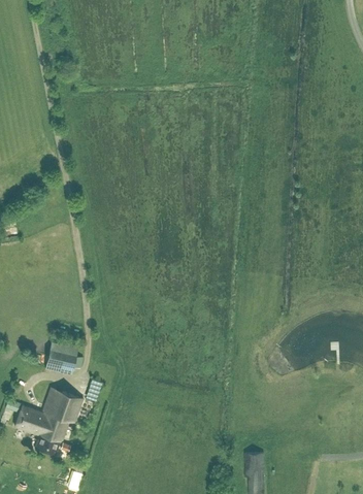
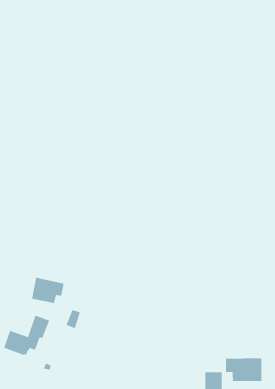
building: [34,392,82,453] -> none
building: none -> [225,357,262,382]

